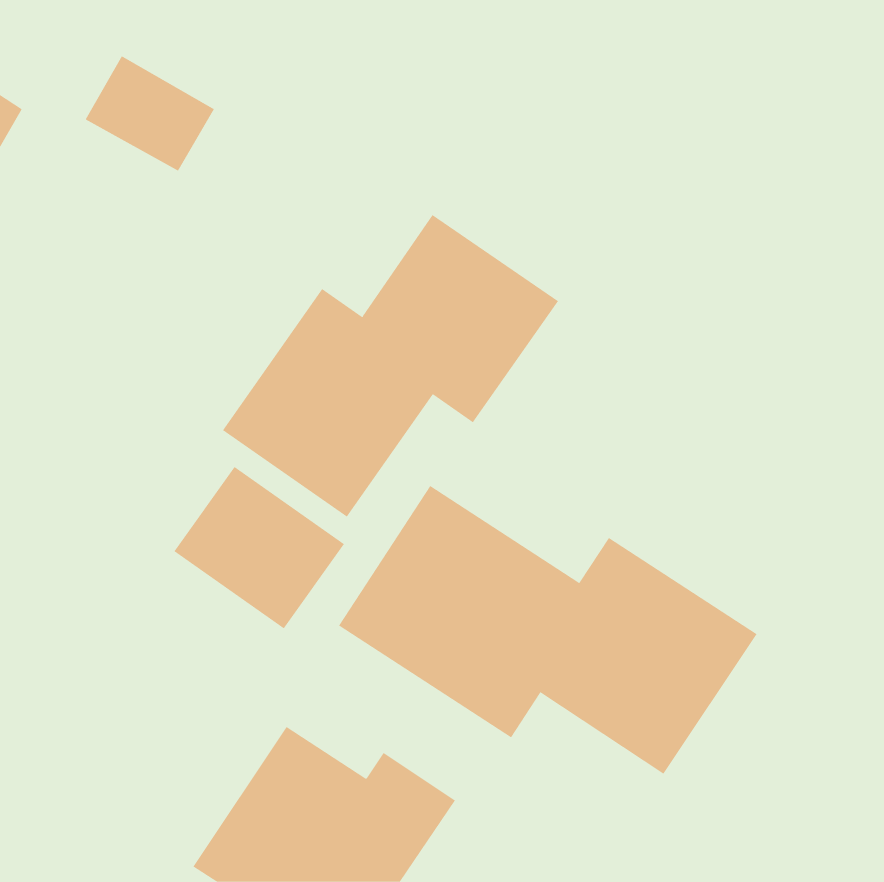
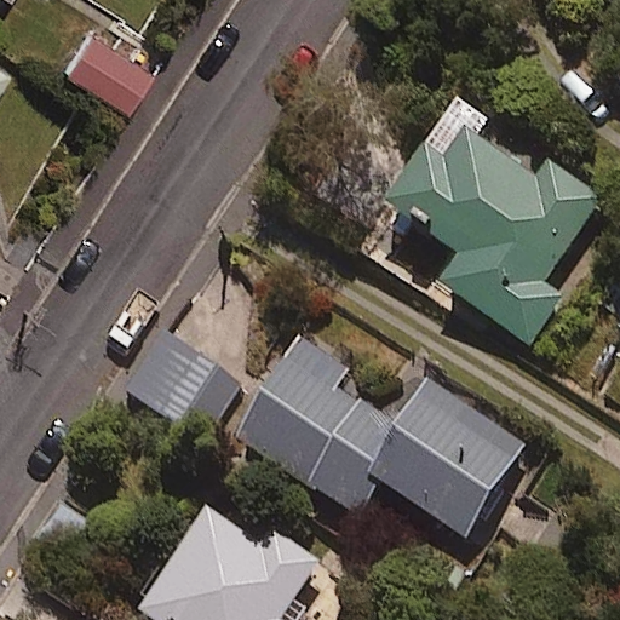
building: none -> [374,122,607,343]
building: [222,214,559,518] -> none

